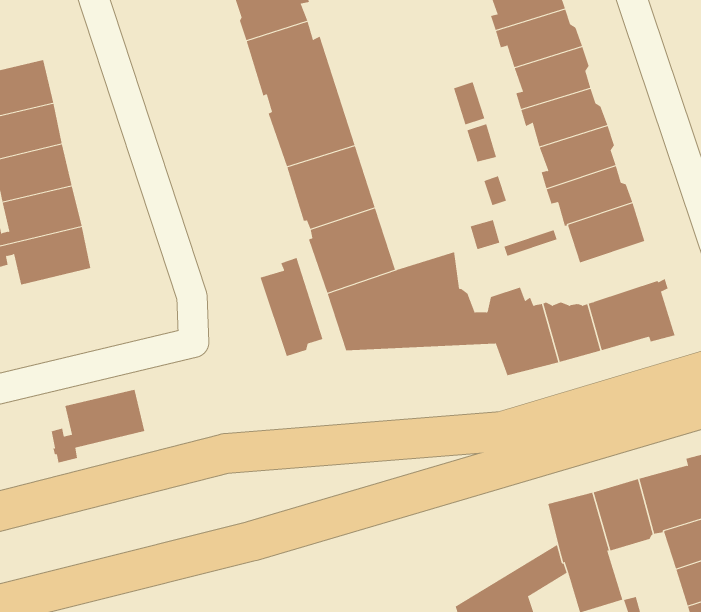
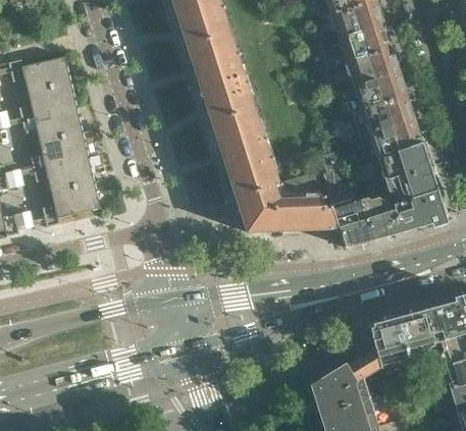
building: none -> [389,165,436,202]
building: [260,257,323,357] -> none
building: [51,389,145,463] -> [42,181,99,226]

